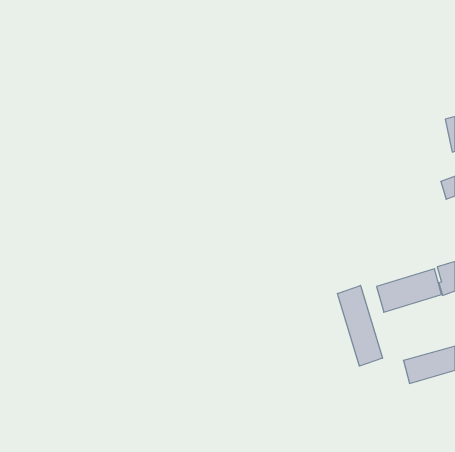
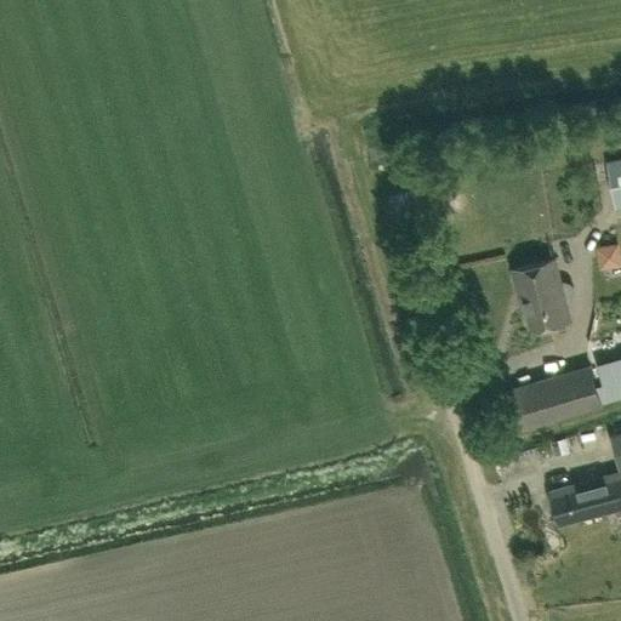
building: none -> [513,262,576,332]
building: [337,285,383,366] -> none

